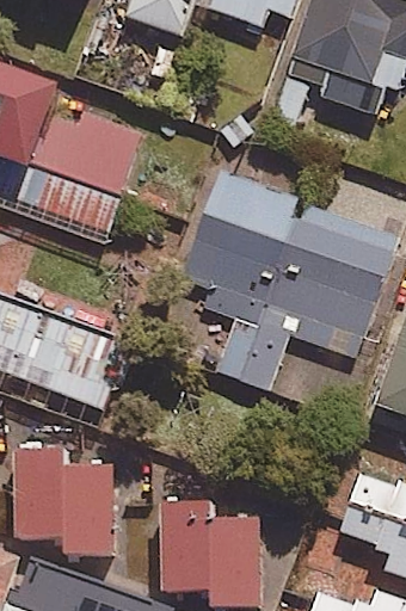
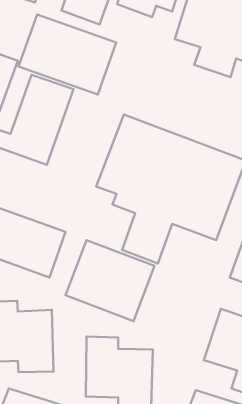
building: none -> [19,14,116,95]
building: none -> [66,240,154,321]

